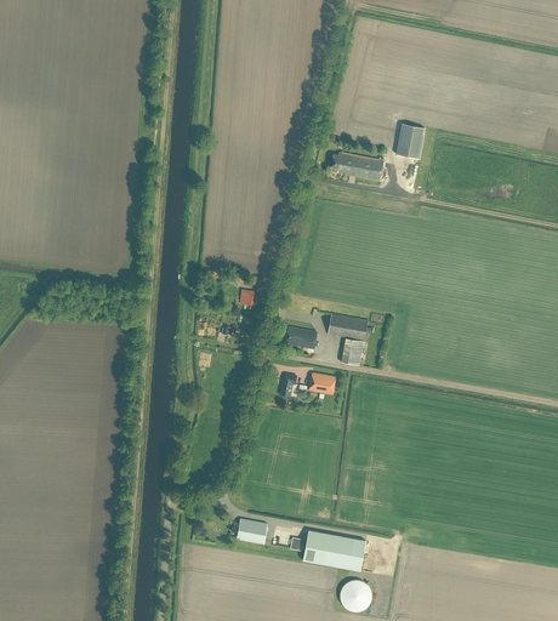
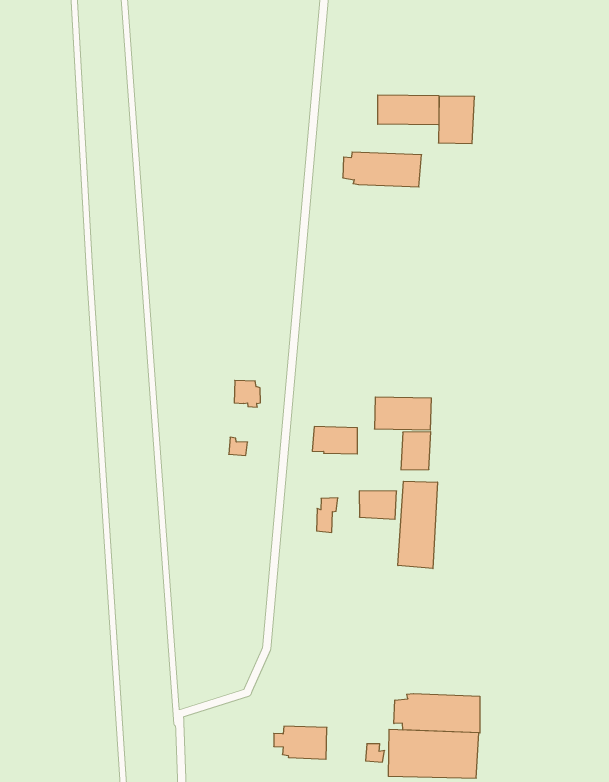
building: none -> [378,95,439,125]
building: none -> [398,481,437,569]
building: none -> [394,694,480,733]

